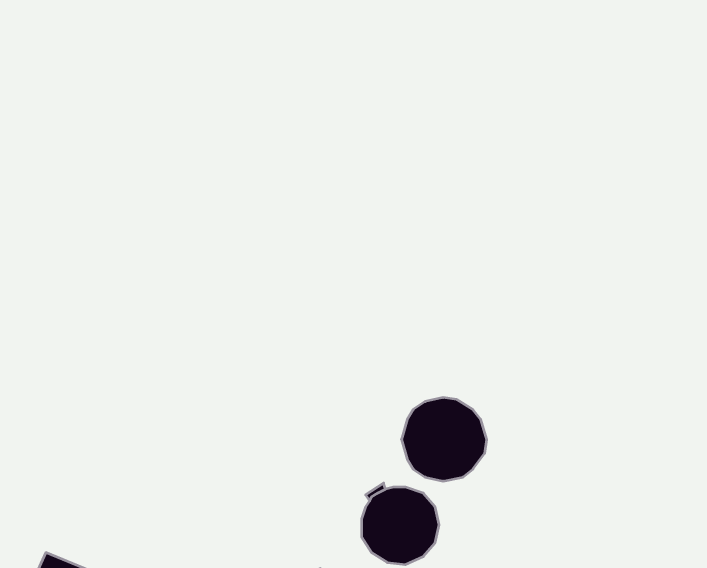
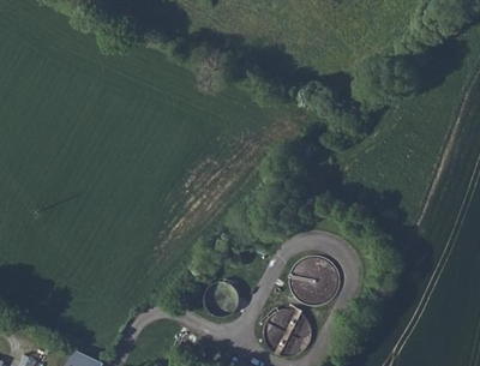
building: none -> [204,282,239,317]

